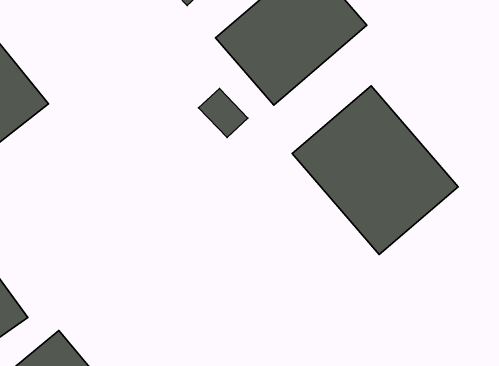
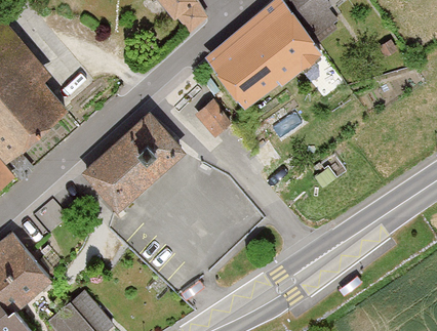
building: [292,86,458,254] -> none
building: none -> [83,110,190,212]

